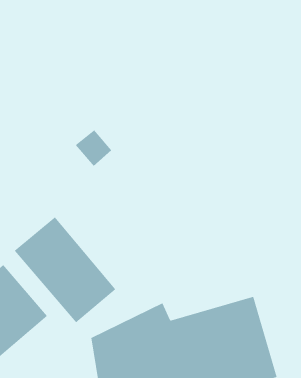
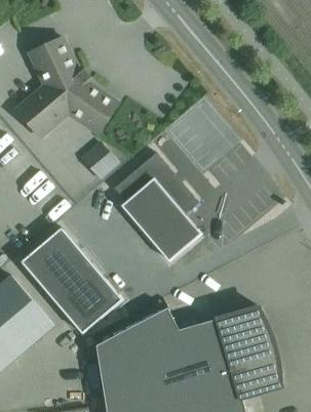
building: none -> [15,37,117,137]
building: none -> [113,153,200,261]

